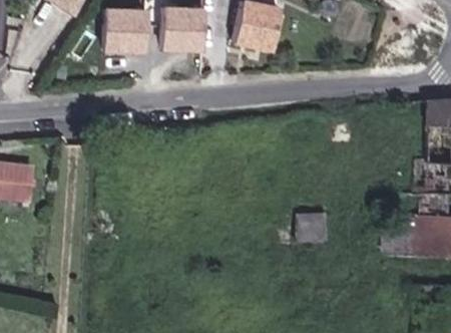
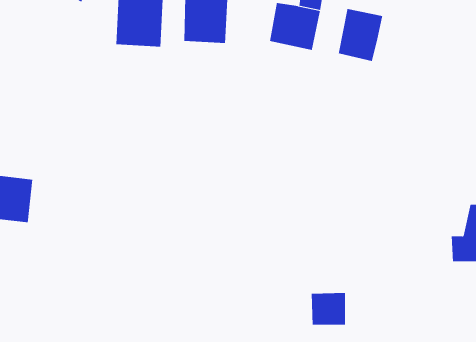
building: none -> [338,8,383,62]
building: [295,211,325,239] -> [311,292,346,325]

